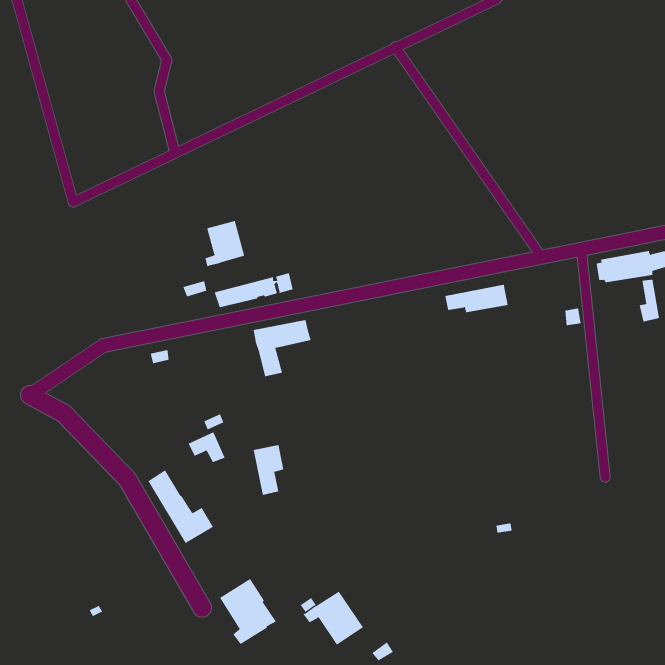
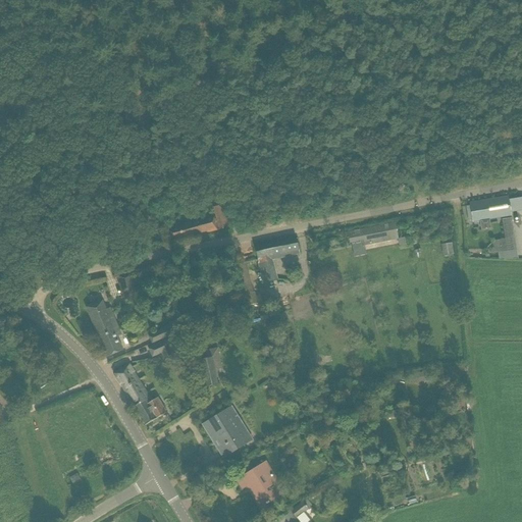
building: [205,220,245,267] -> none
building: [253,319,311,377] -> [255,238,301,282]
building: none -> [88,302,123,356]
building: [219,578,277,645] -> [208,405,253,457]

